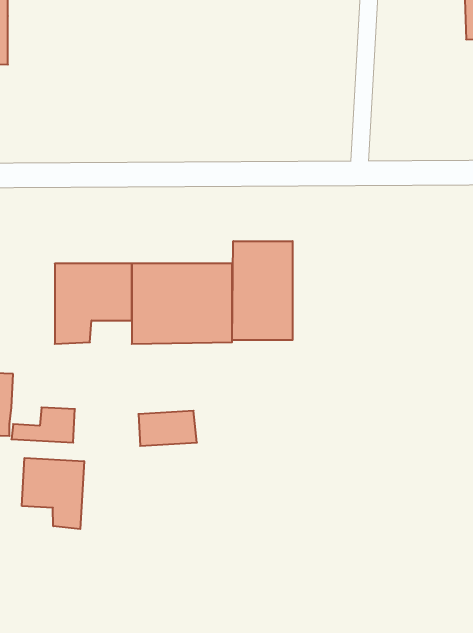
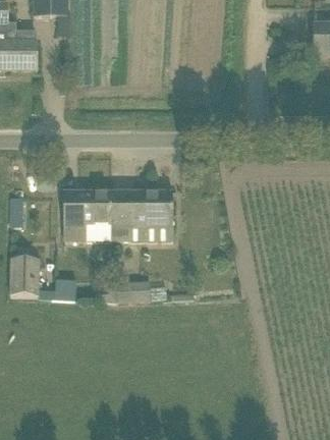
building: [232,241,293,340] -> none
building: [22,458,84,529] -> none

